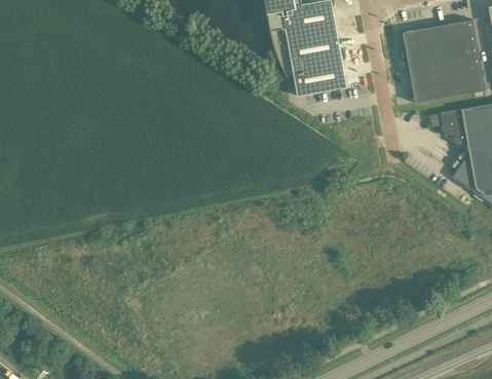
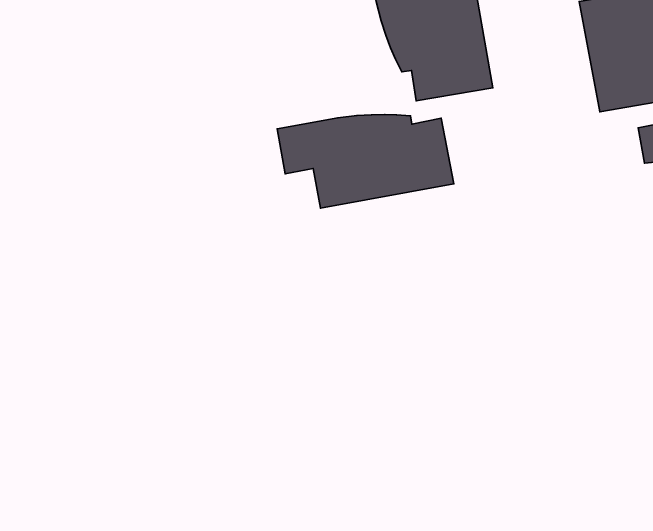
building: none -> [277,115,454,208]

